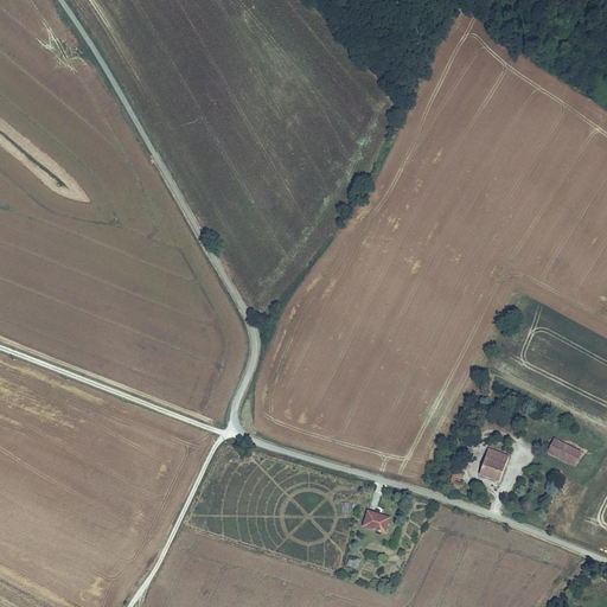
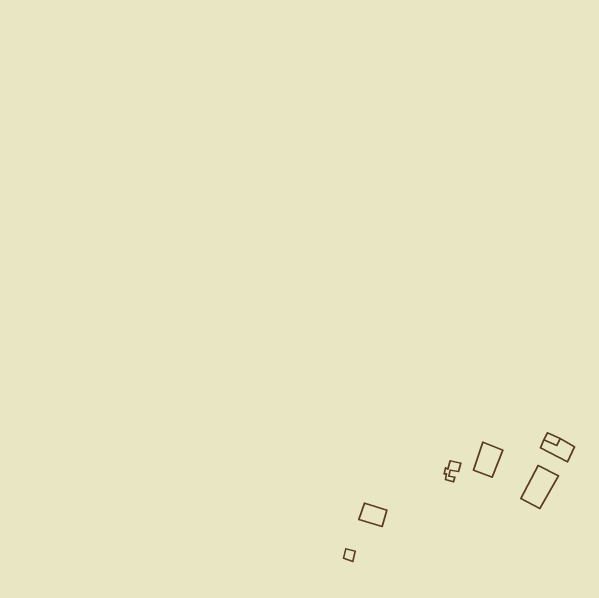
building: none -> [521,466,559,509]

